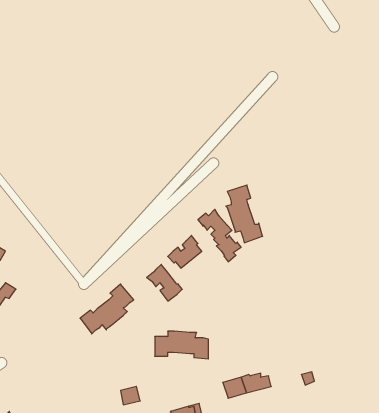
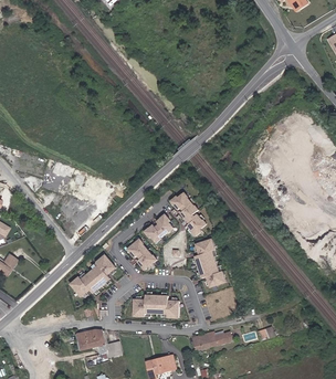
building: [226,185,263,243] -> [195,239,225,287]
building: none -> [77,329,107,350]

